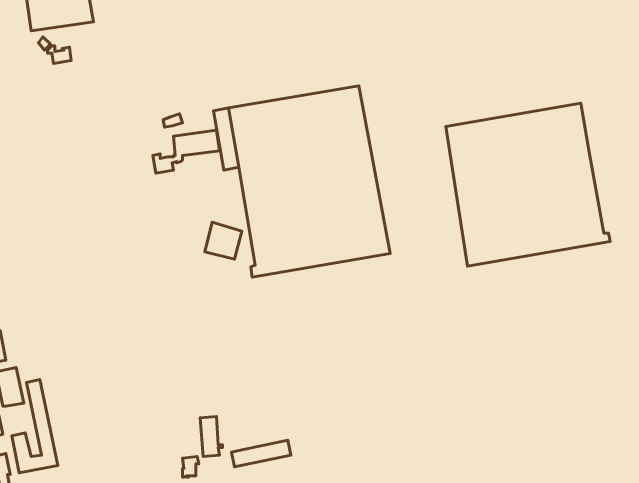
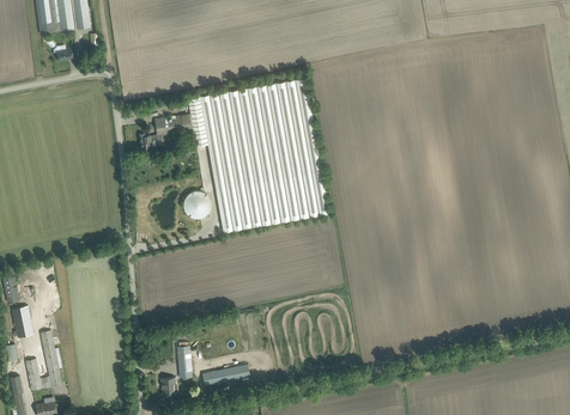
building: [446,103,610,266] -> none

